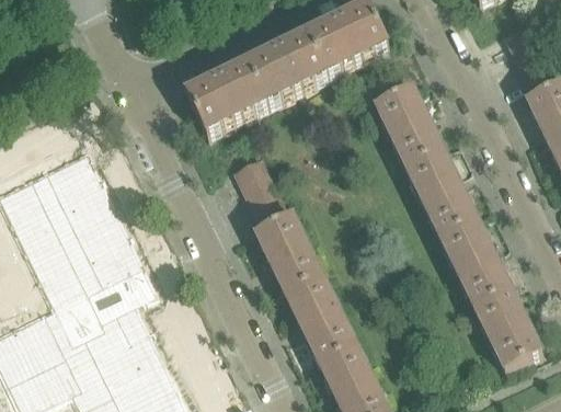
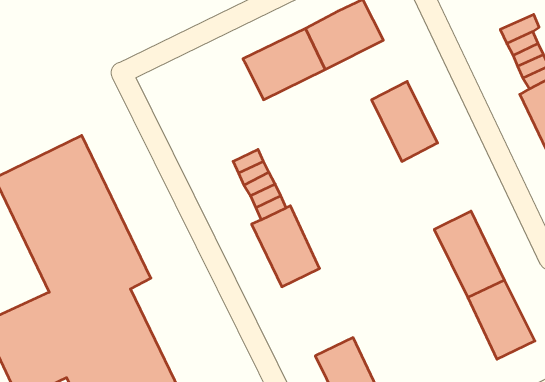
building: [185,65,267,137] -> none
building: [408,150,478,238] -> none
building: [286,277,358,366] -> none

